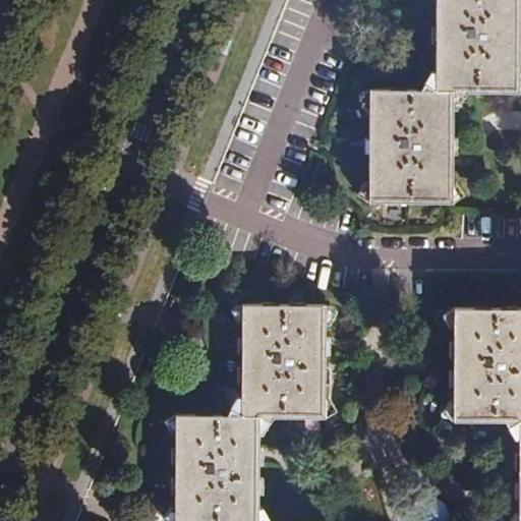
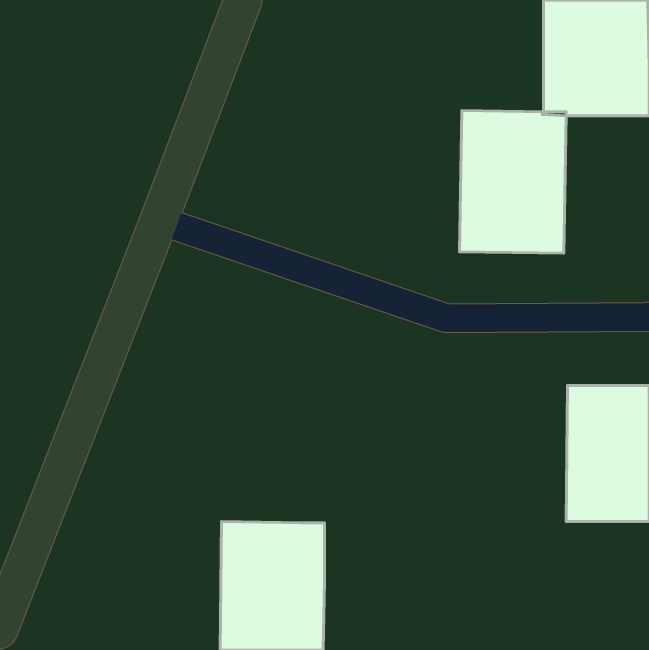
building: [241,306,326,418] -> none

